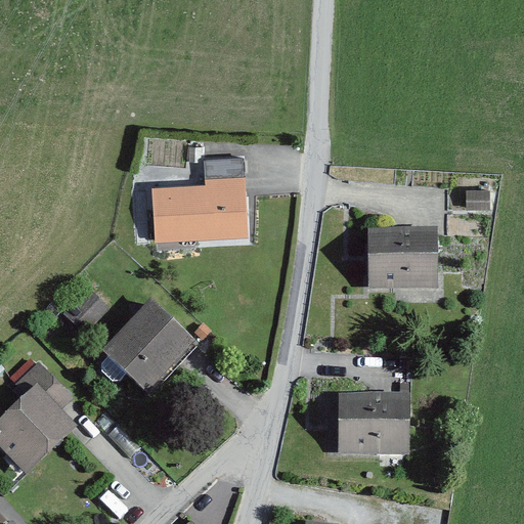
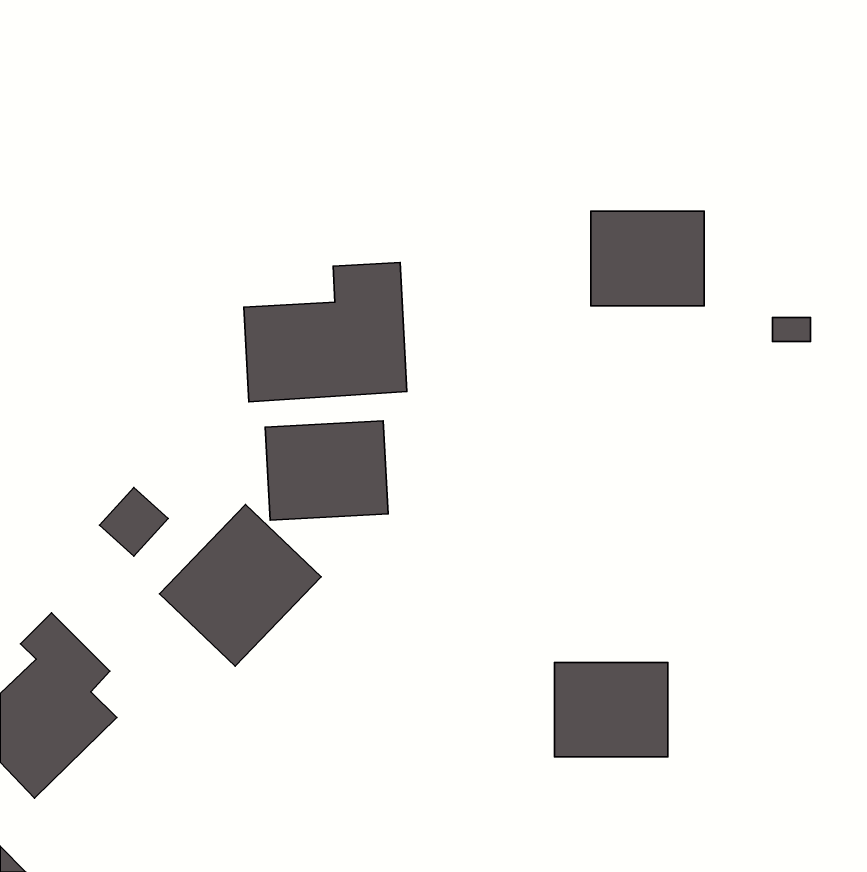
building: [366,231,434,288] -> [591,211,704,306]
building: none -> [265,421,388,520]

